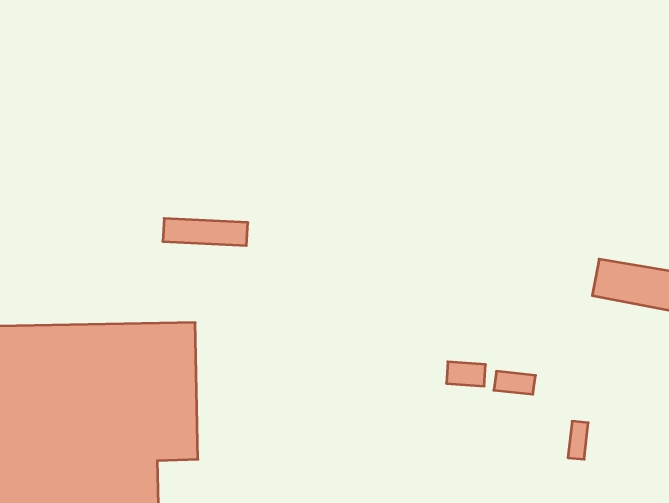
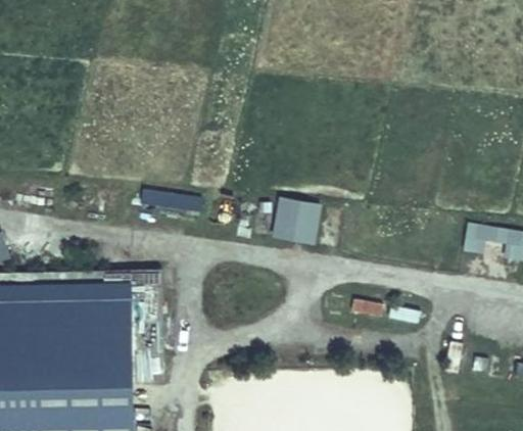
building: none -> [271,202,318,248]

